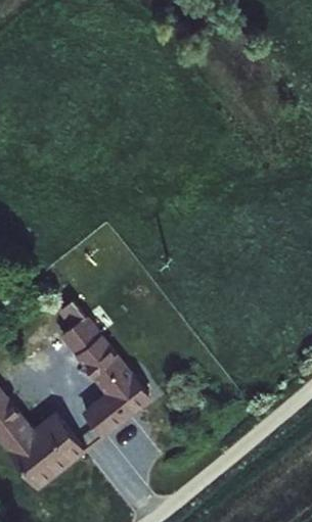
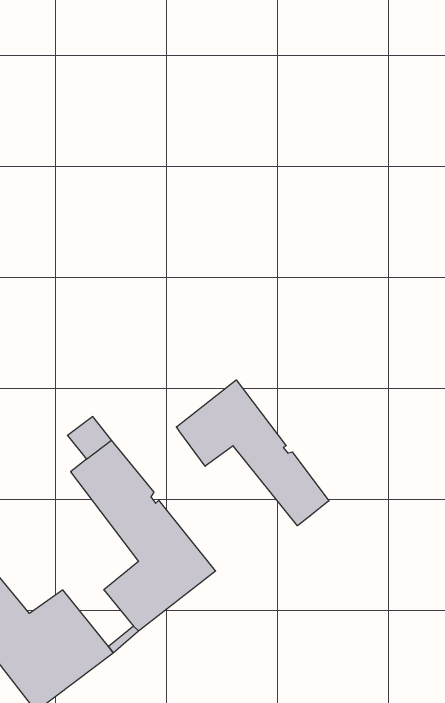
building: none -> [176,380,329,526]

